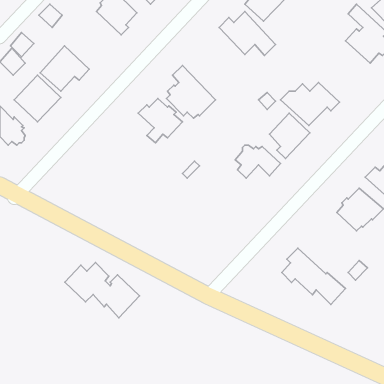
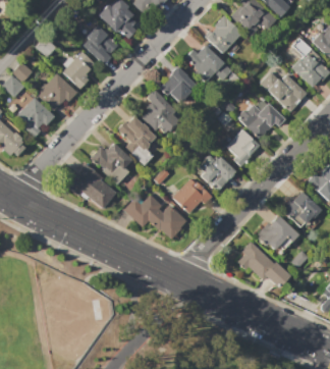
building: none -> [63,51,97,85]
building: none -> [161,66,199,105]
building: none -> [262,72,307,111]
building: none -> [91,143,133,173]
building: none -> [68,164,117,209]
building: none -> [174,178,214,213]
building: none -> [257,215,299,250]
building: [65,263,140,318] -> [126,194,188,240]

